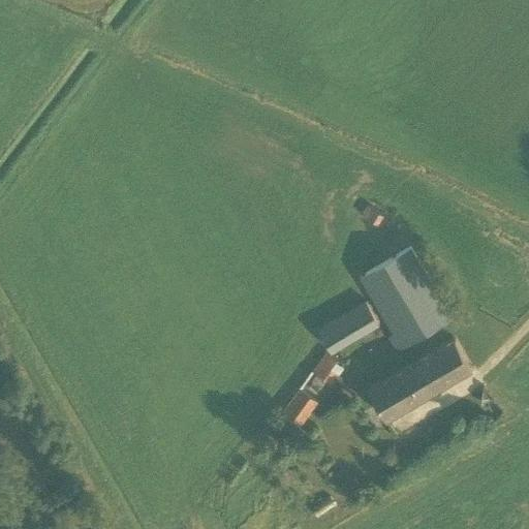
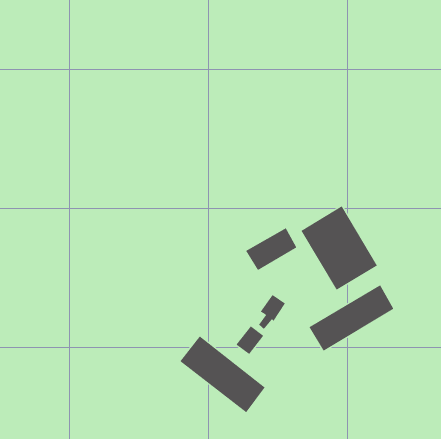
building: [316,305,378,356] -> [245,227,297,271]
building: none -> [179,336,266,413]

